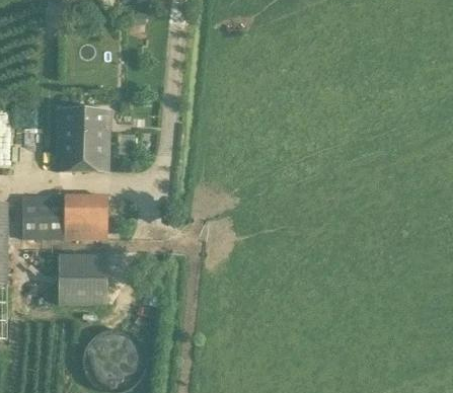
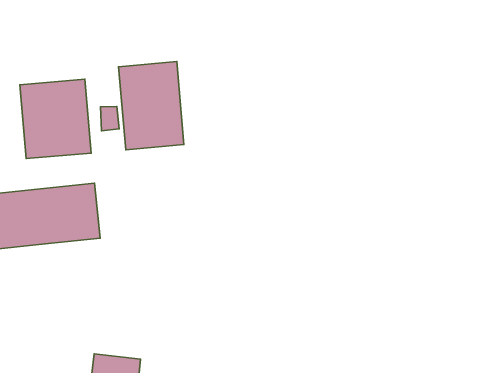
building: none -> [119,62,184,150]
building: [58,258,106,299] -> none

